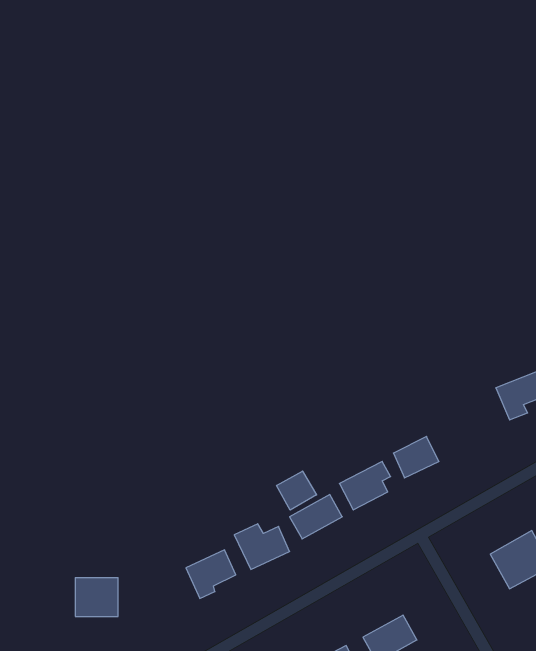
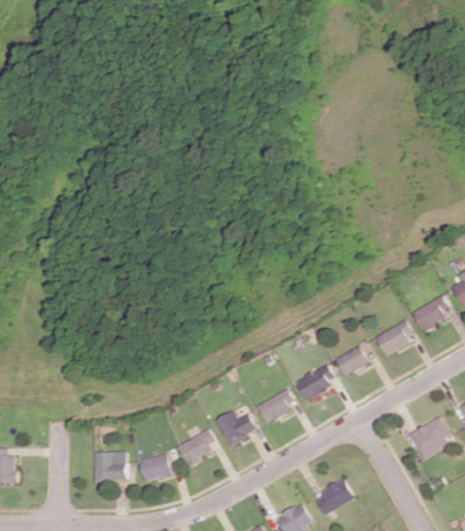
building: none -> [375,322,411,355]
building: [277,471,317,510] -> none
building: none -> [141,453,174,481]

